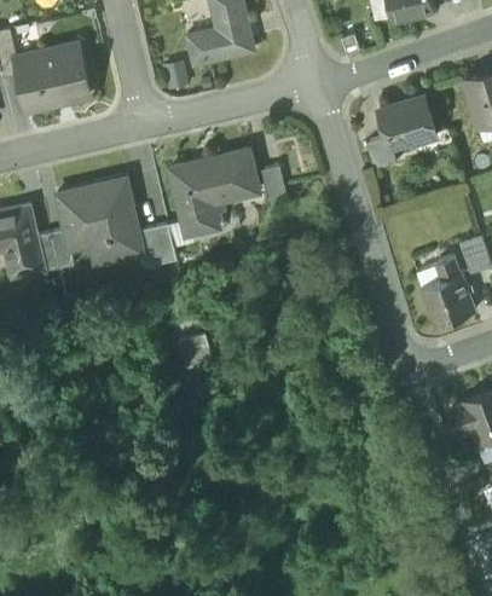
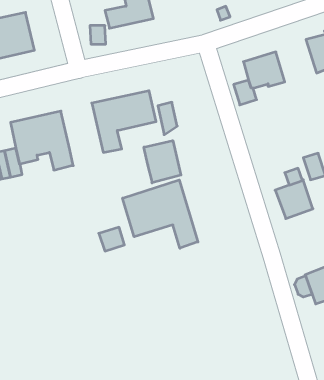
building: none -> [144,141,181,183]
building: [139,225,175,268] -> none
building: none -> [123,180,198,248]

